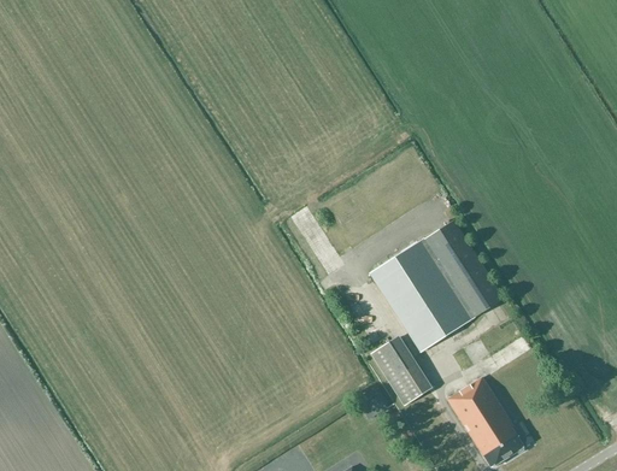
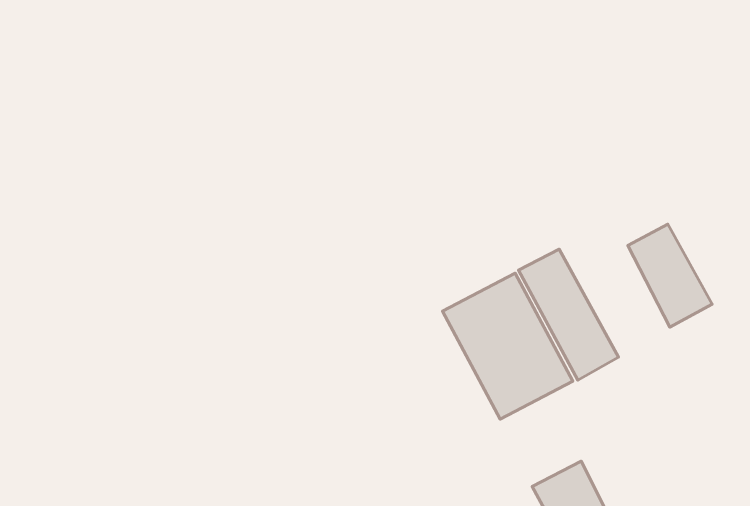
building: none -> [628,224,712,327]
building: [355,320,429,406] -> none

